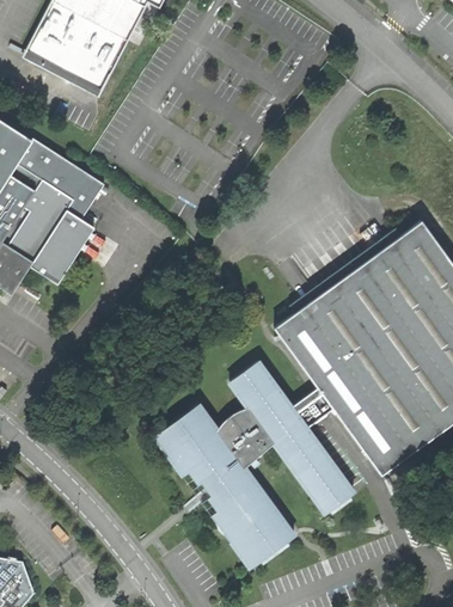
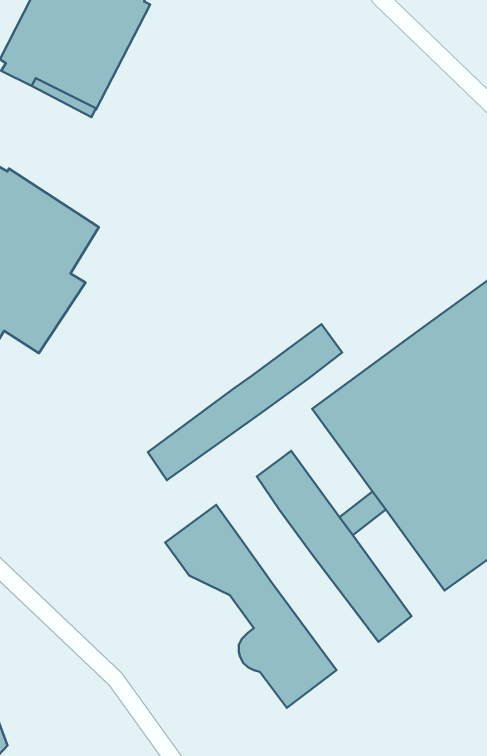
building: none -> [148,324,342,480]
building: [216,407,274,467] -> none
building: [176,460,227,515] -> none

